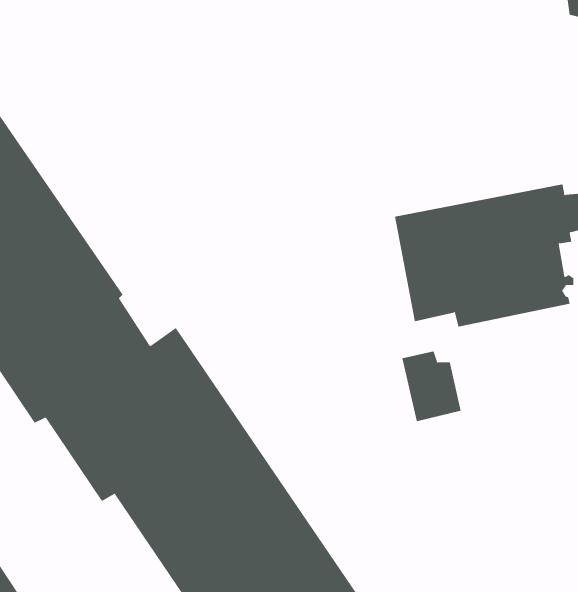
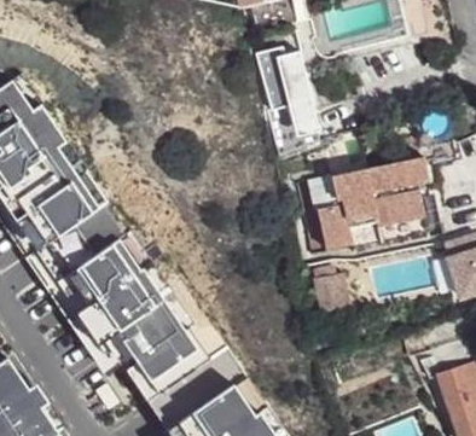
building: none -> [257,42,321,151]

